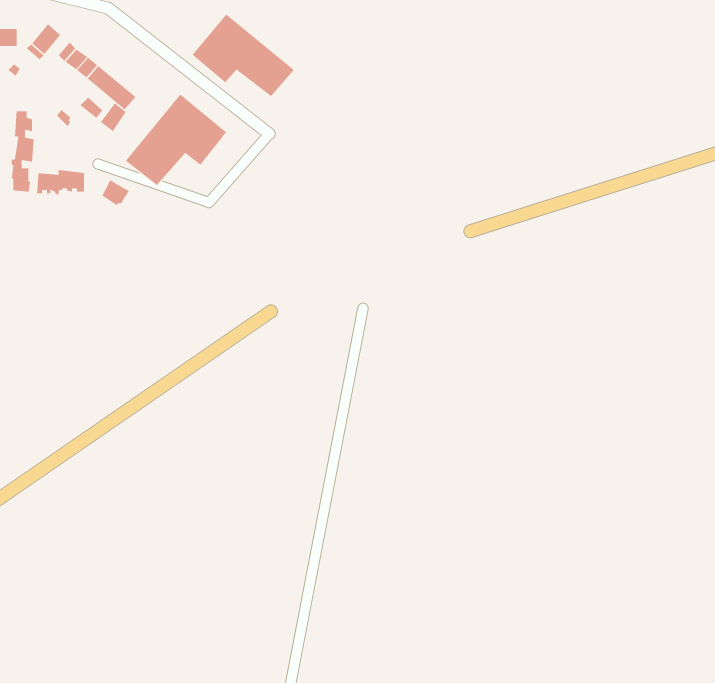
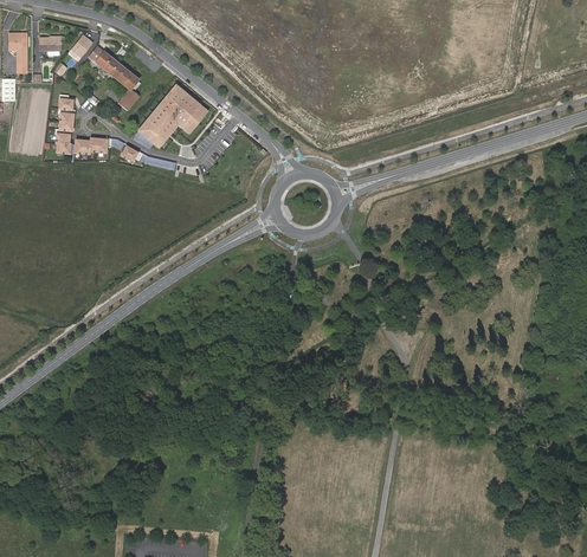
building: [192,13,295,97] -> none

